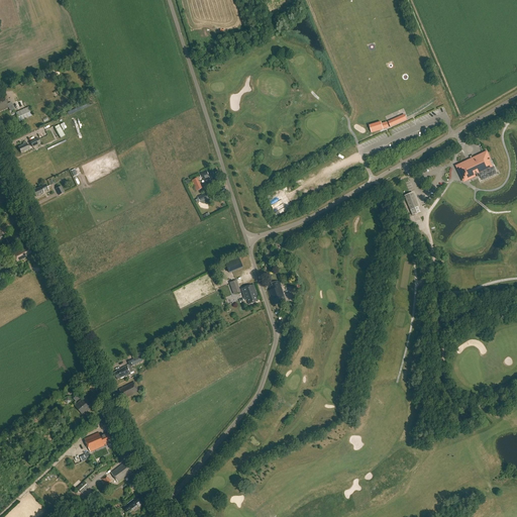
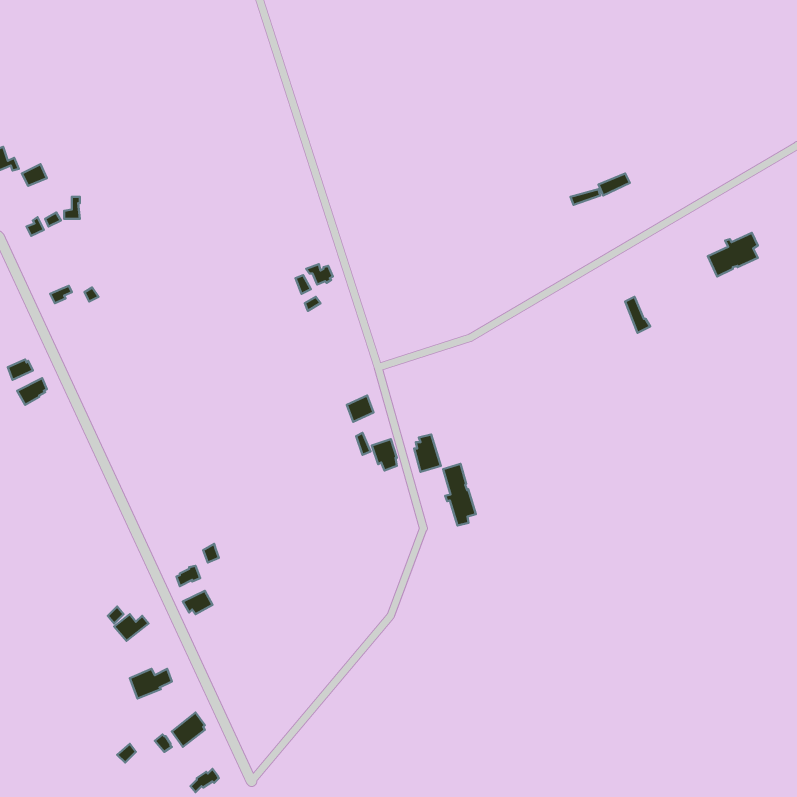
building: none -> [443,464,476,526]

